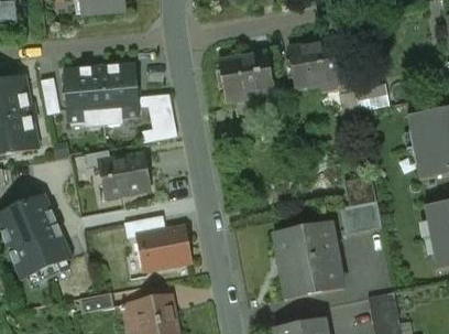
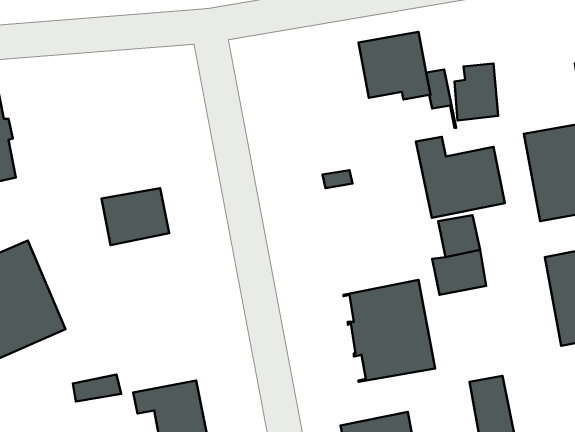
building: [218,52,272,101] -> none
building: [64,63,178,142] -> none
building: none -> [416,137,505,218]
building: [125,214,190,270] -> none

